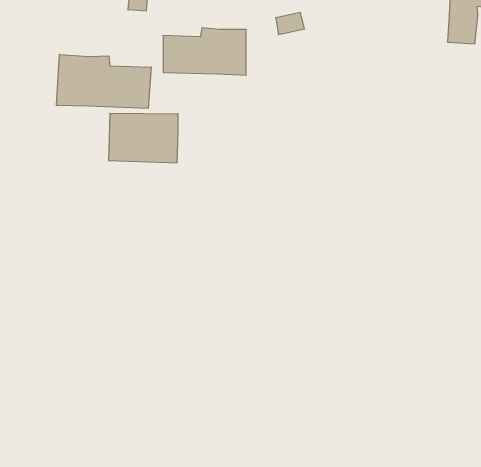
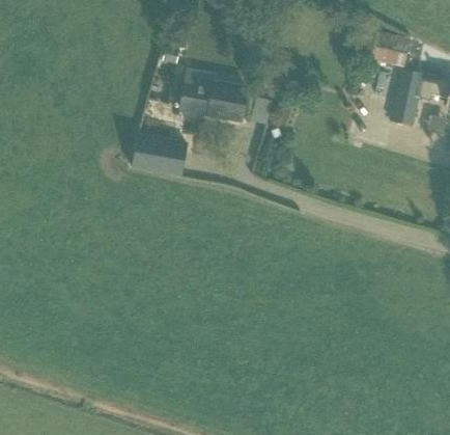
building: [56,54,151,108] -> none

